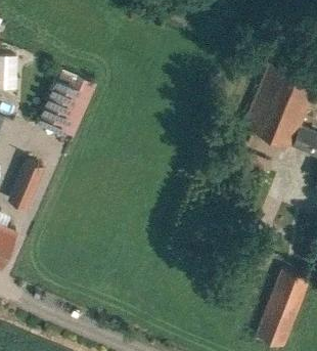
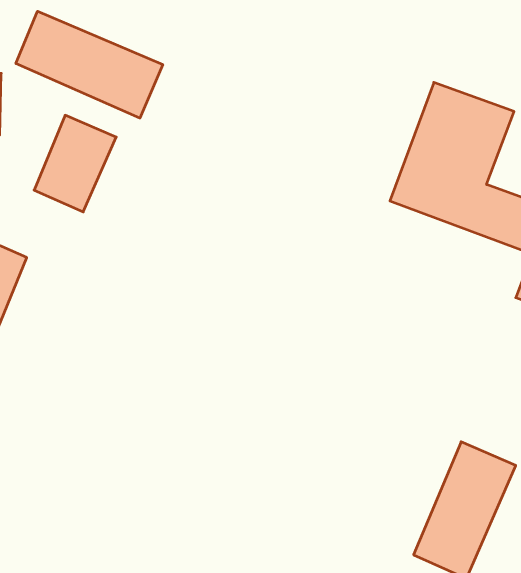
building: none -> [16,11,163,118]

